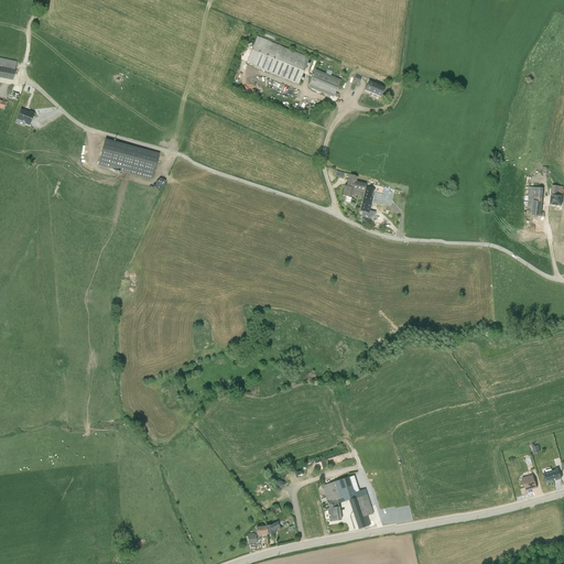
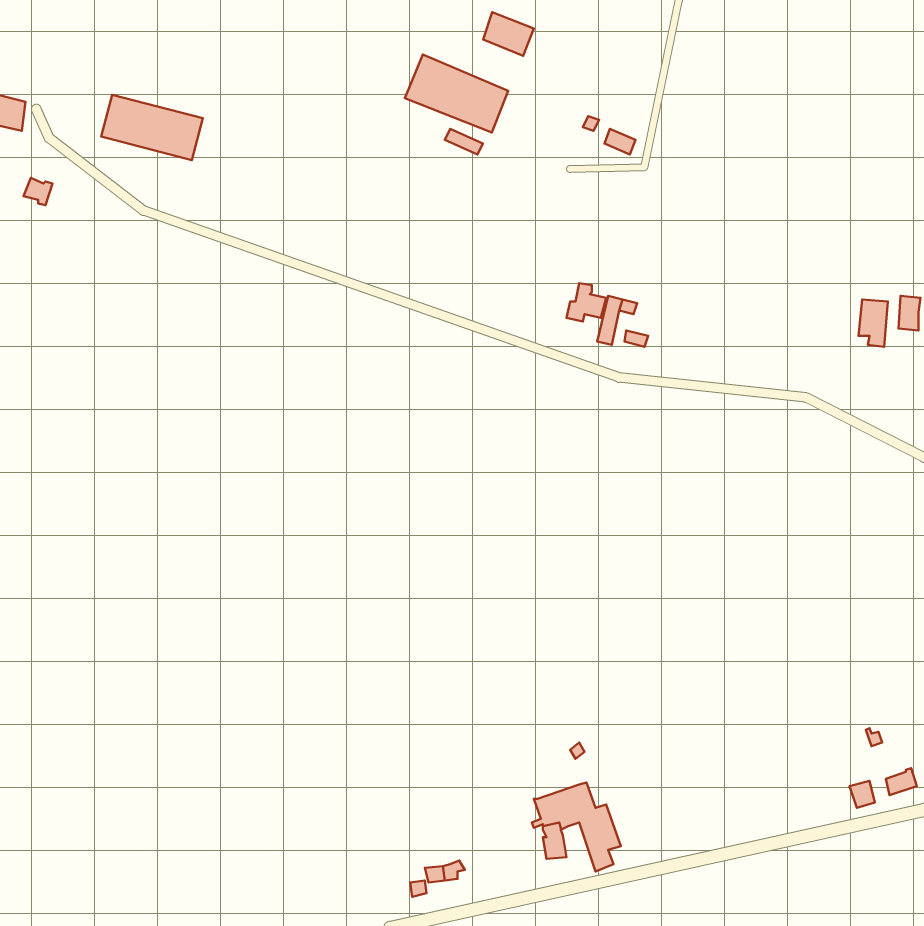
building: [311,68,341,95] -> [483,12,534,56]
building: [98,139,160,178] -> [101,95,203,160]

